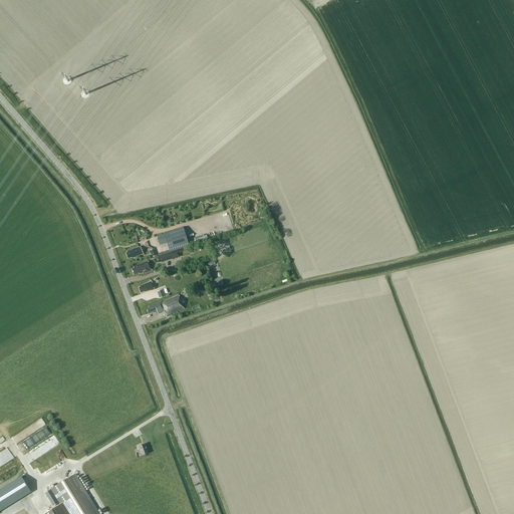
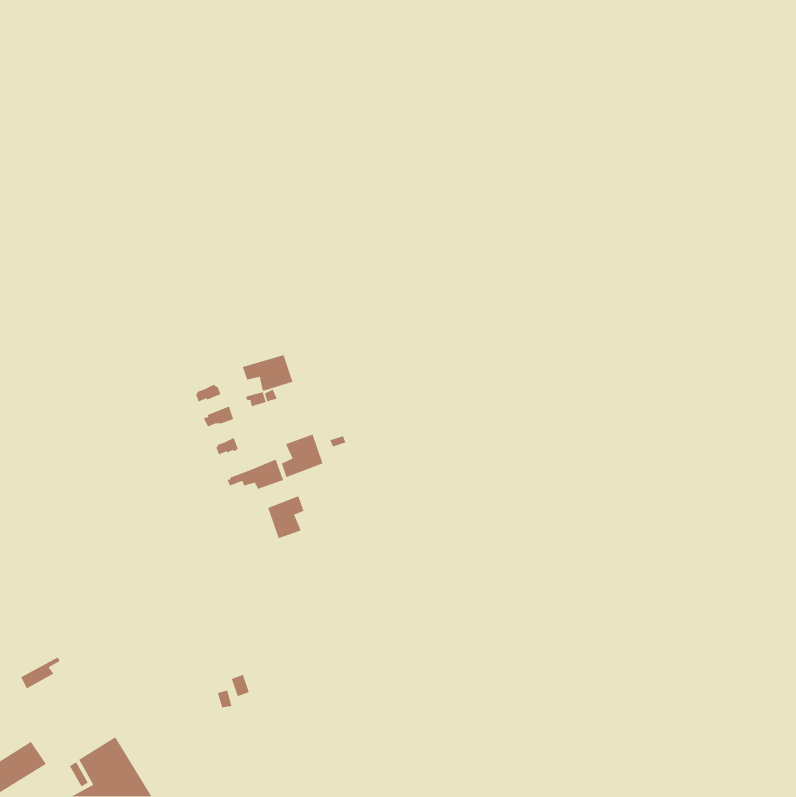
building: none -> [281,434,324,478]
building: none -> [267,495,304,539]

